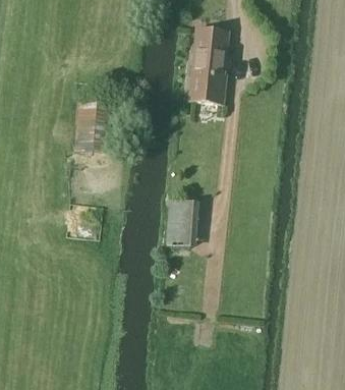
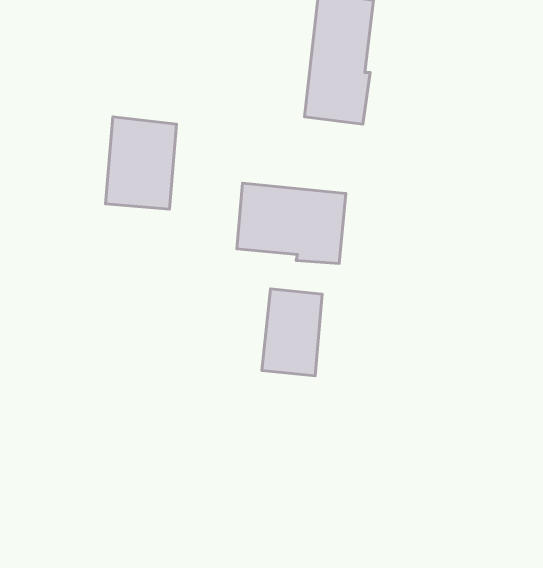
building: none -> [237,183,346,263]

